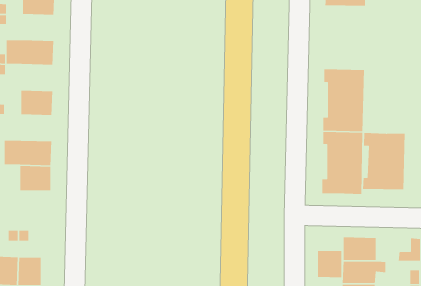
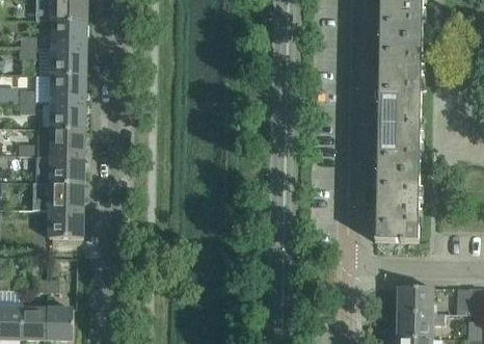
building: none -> [376,37,422,106]
building: none -> [51,47,86,75]
building: none -> [50,101,85,129]
building: none -> [34,155,84,183]
building: [362,132,406,190] -> none
building: [317,250,342,278] -> none

